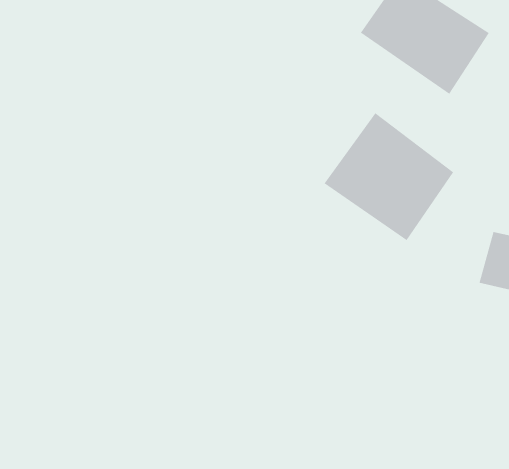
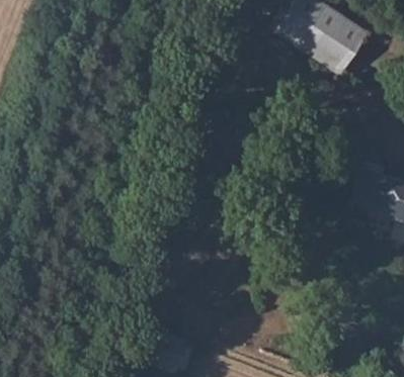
building: [323,112,454,241] -> none

